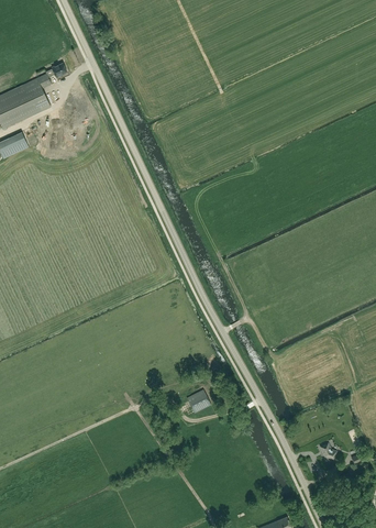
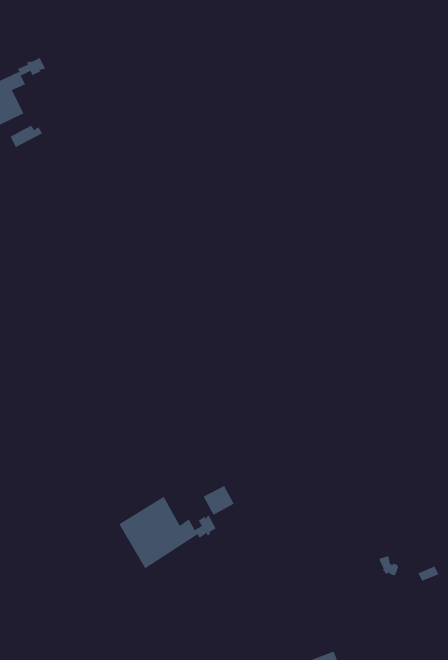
building: none -> [119,496,217,569]

